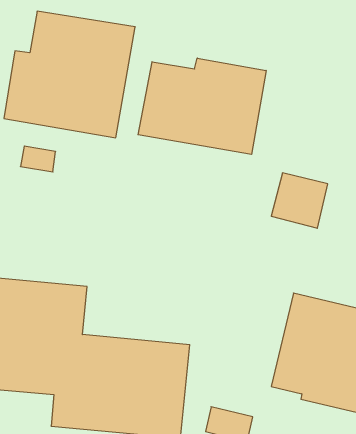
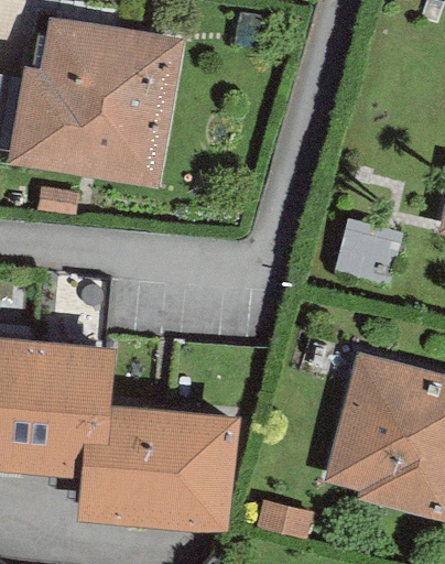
building: [138,58,266,154] -> none

